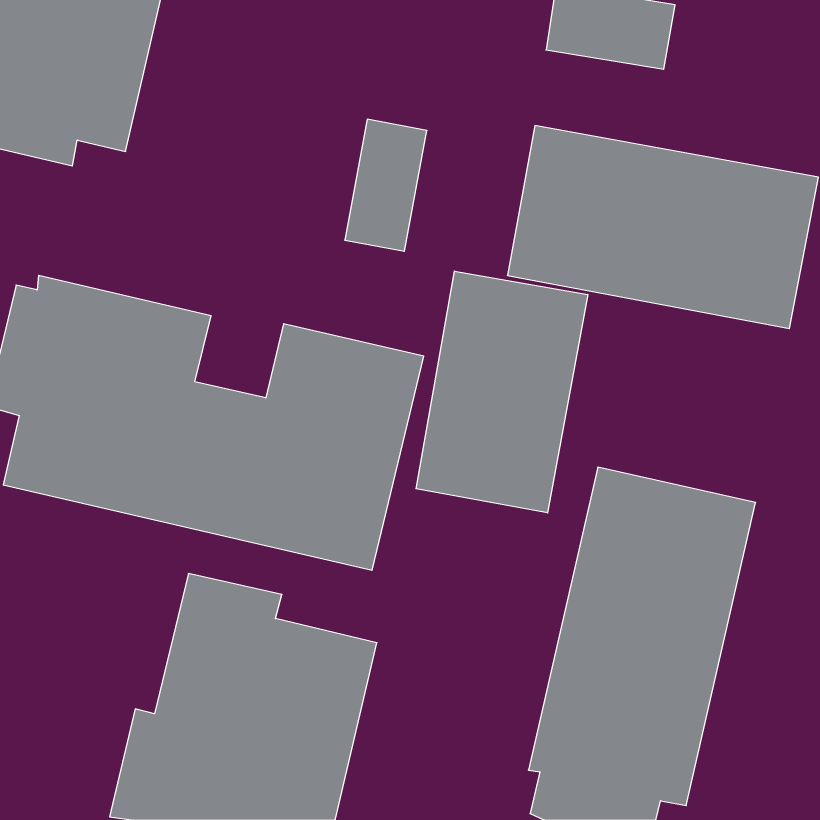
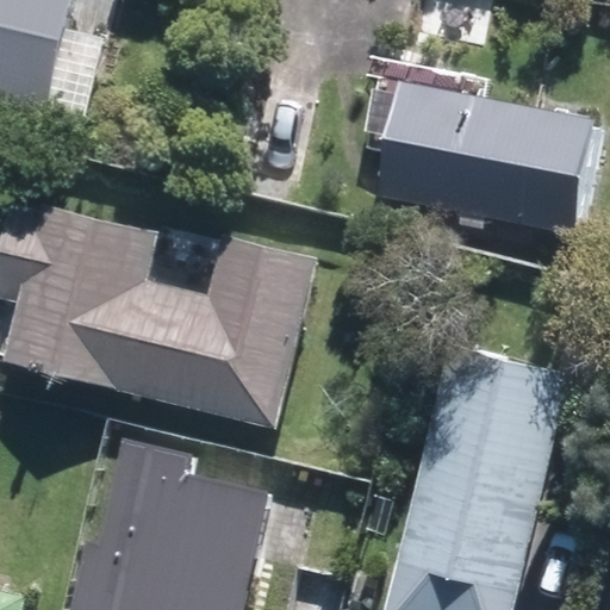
building: [416,271,588,513] -> none

